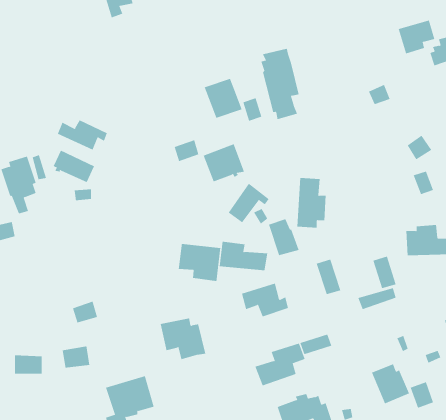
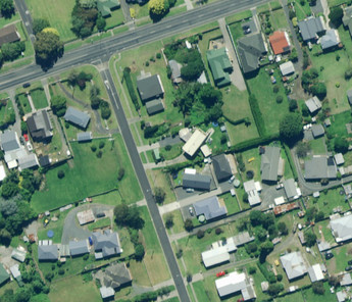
building: none -> [268,28,291,55]
building: none -> [238,32,266,72]
building: [57,119,107,151] -> none
building: [203,143,245,182] -> [137,73,165,100]
building: [297,177,327,228] -> [261,145,282,180]
building: [178,243,221,282] -> none
building: [160,318,206,360] -> [91,228,122,256]

